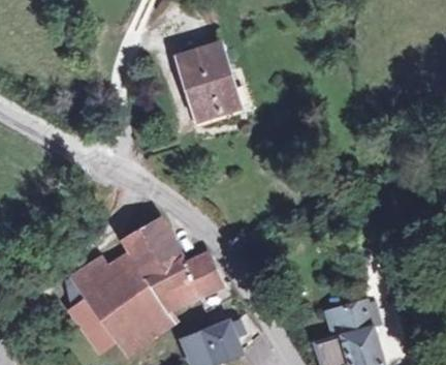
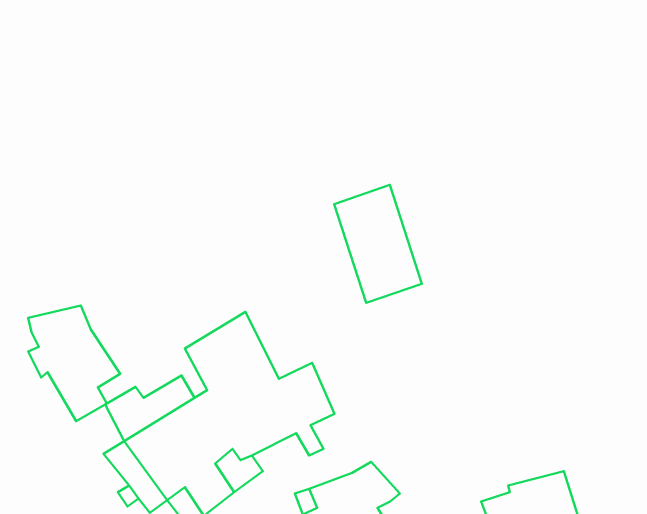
building: [179,43,235,120] -> [334,185,422,303]
building: none -> [28,306,120,421]
building: [325,301,368,331] -> none

